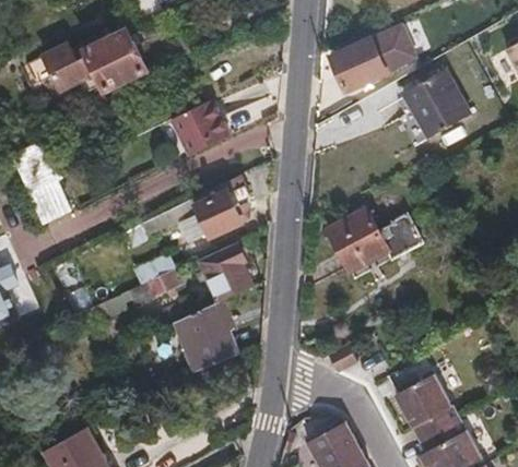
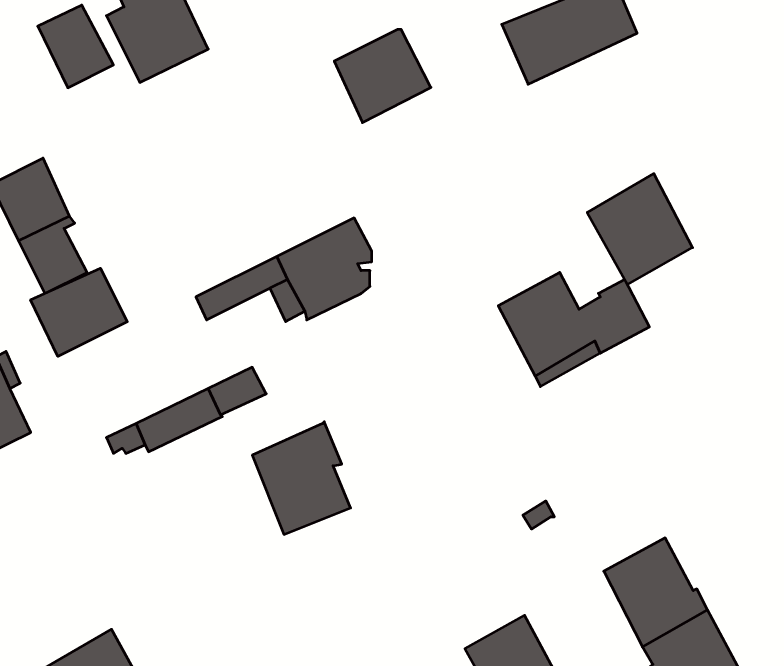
building: [401,68,467,136] -> [587,174,693,284]
building: [169,99,229,157] -> [334,29,431,123]
building: none -> [31,268,127,356]
building: [198,243,251,302] -> none

